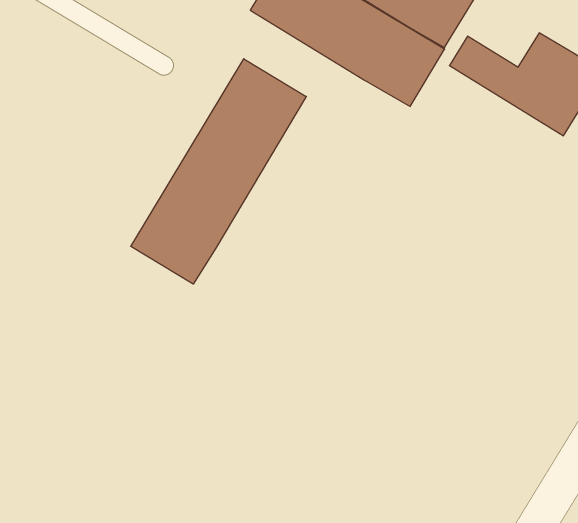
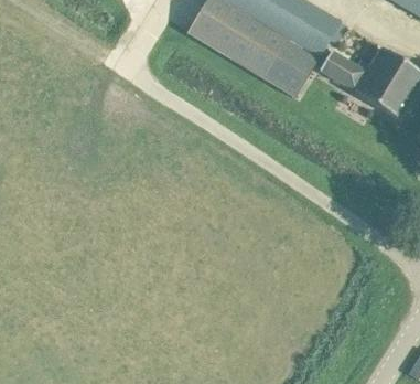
building: [131,59,306,284] -> none

